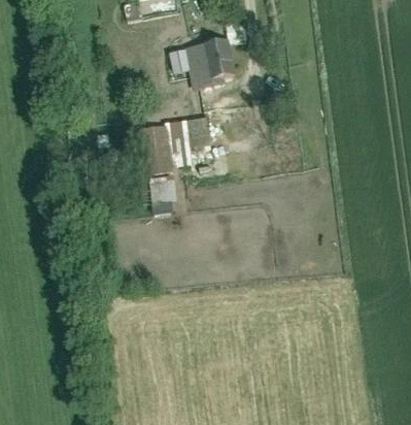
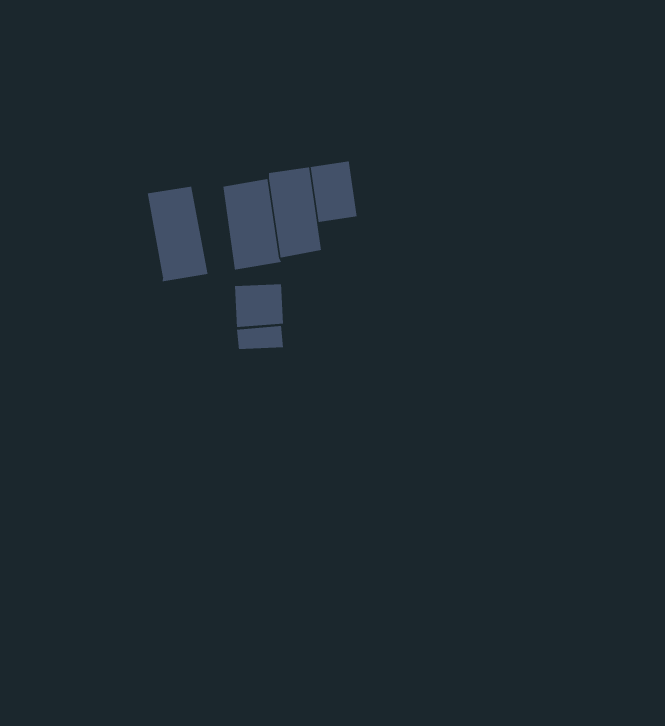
building: [183,40,233,90] -> none
building: none -> [147,186,208,282]

